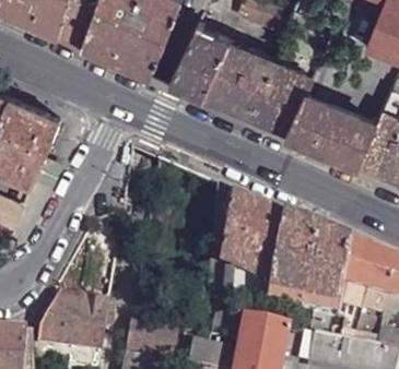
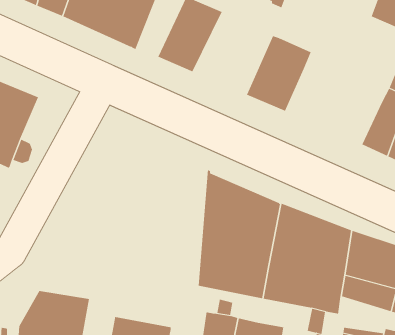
building: [202,43,275,119] -> none
building: [287,95,376,165] -> none

